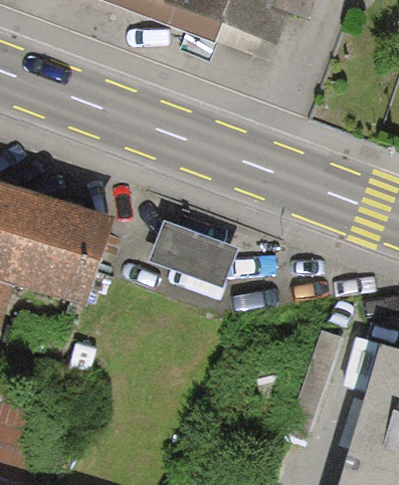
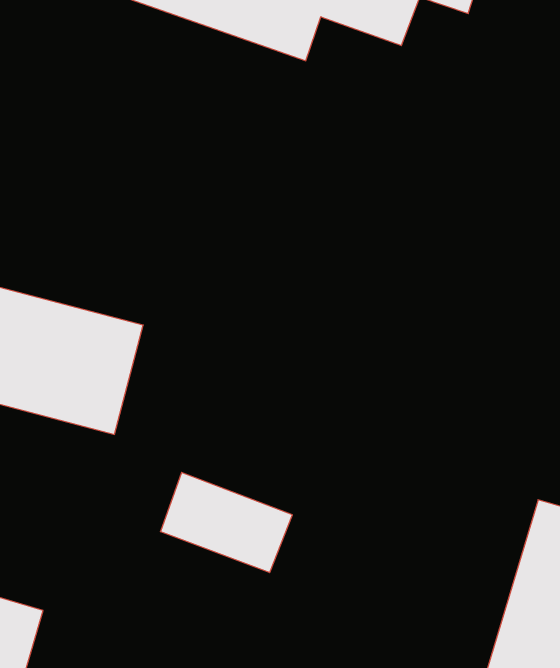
building: [137,216,224,282] -> [160,472,292,573]

